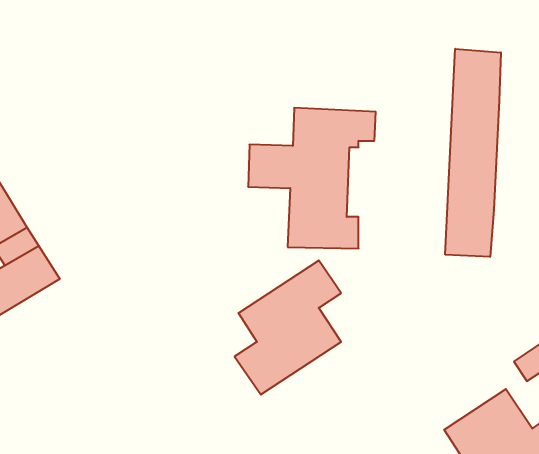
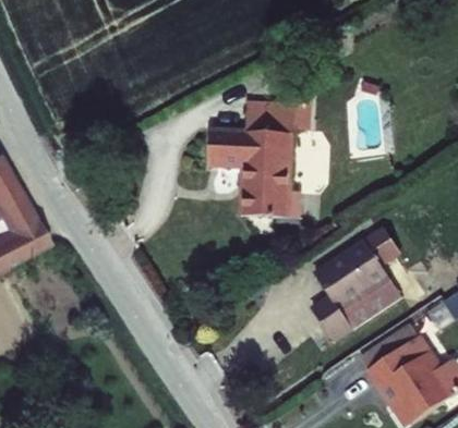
building: [445,49,501,257] -> none
building: [235,260,341,395] -> [314,225,402,337]

